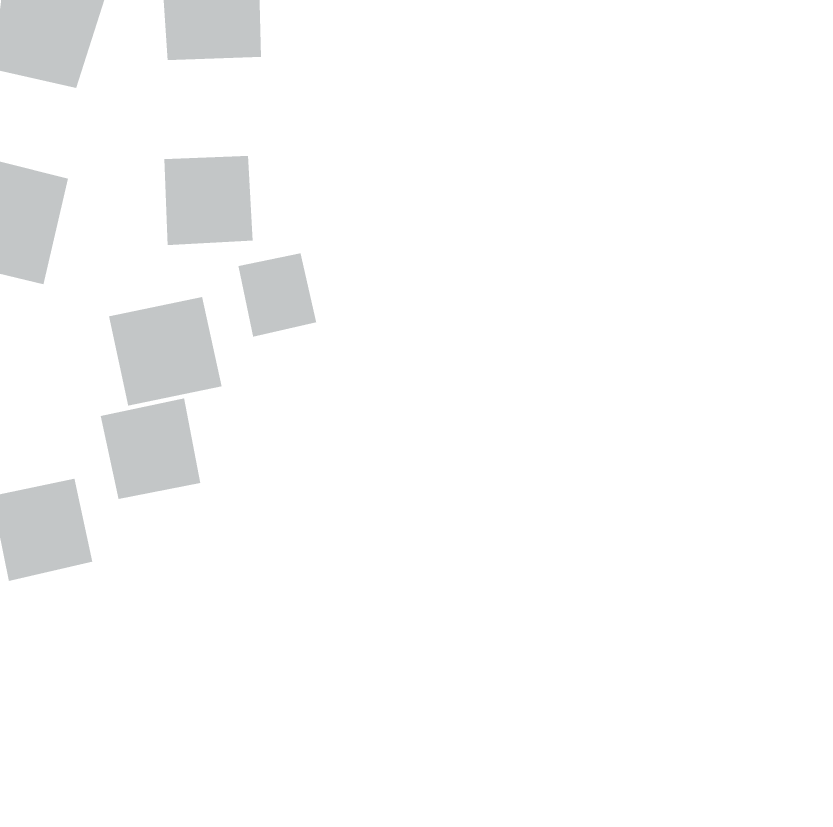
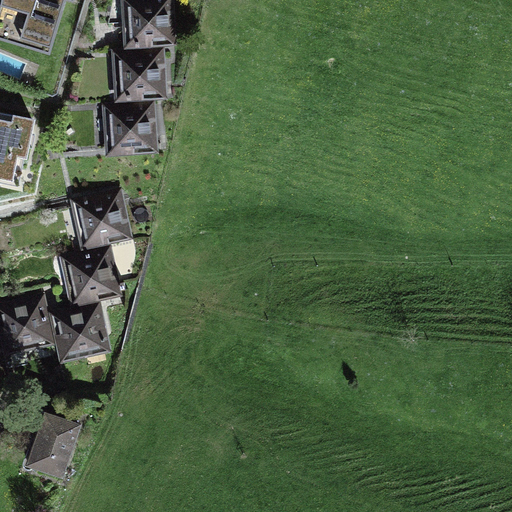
building: none -> [99,38,159,94]
building: [238,252,317,338] -> none
building: none -> [51,301,114,361]
building: none -> [23,415,83,482]

